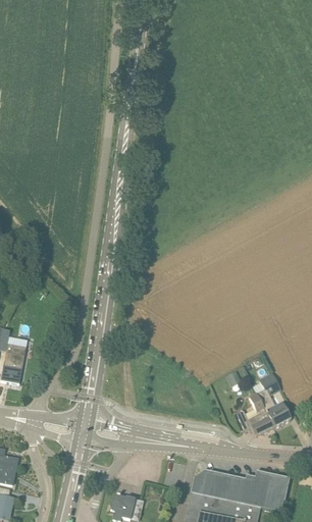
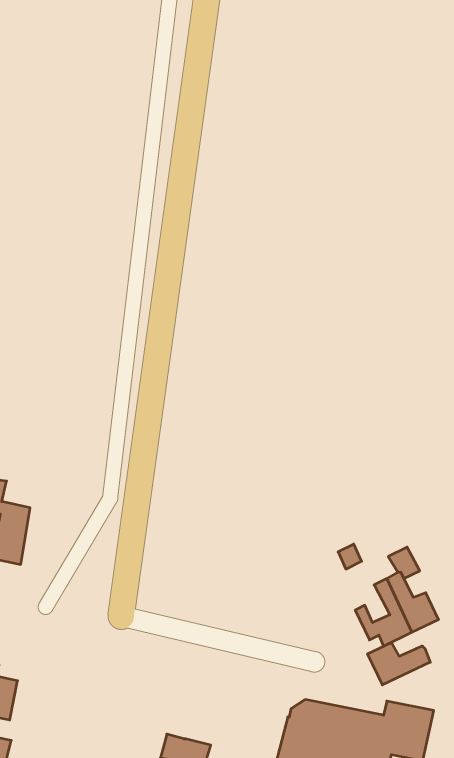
building: none -> [368,642,430,685]

